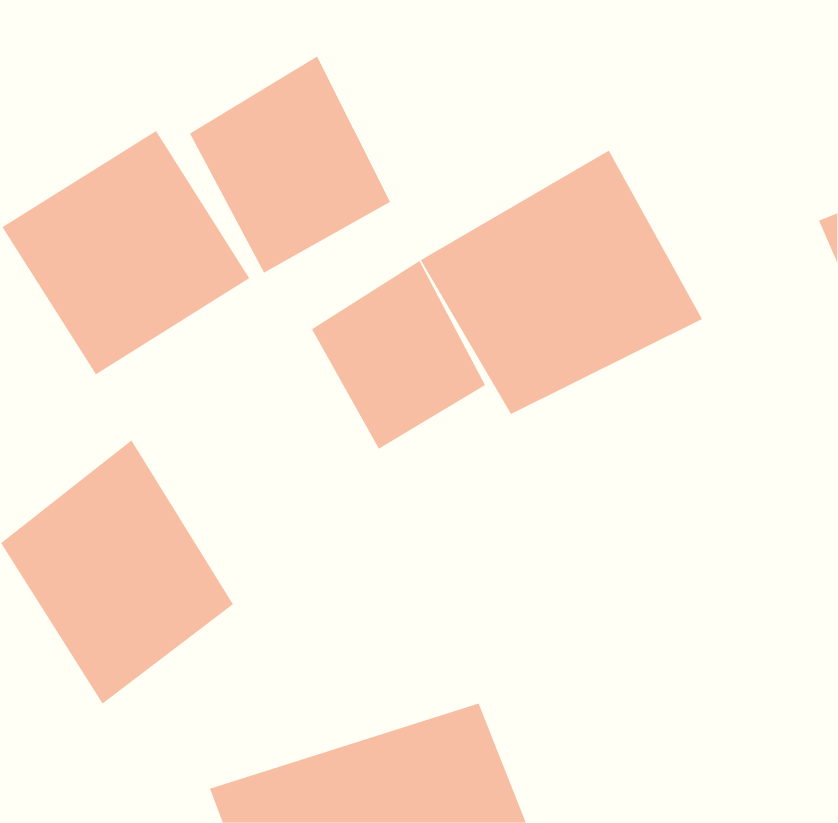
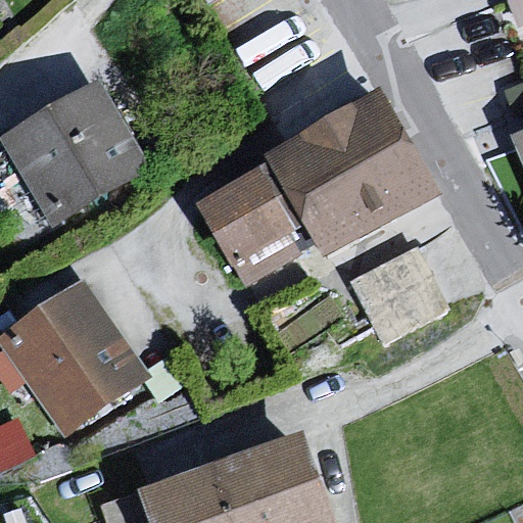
building: [189,56,391,274] -> none
building: none -> [349,229,449,325]

